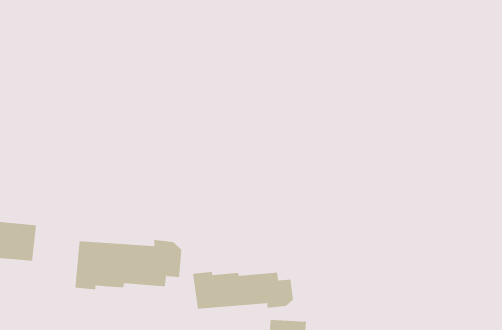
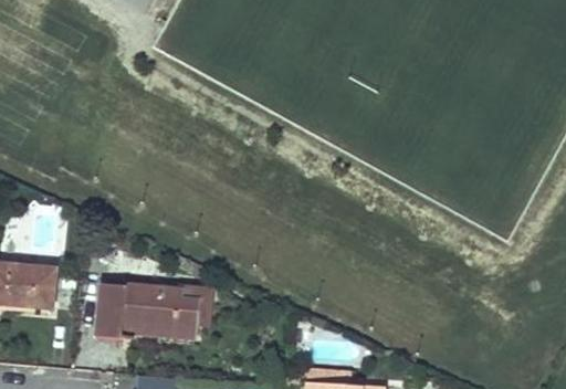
building: [193,271,294,309] -> none

